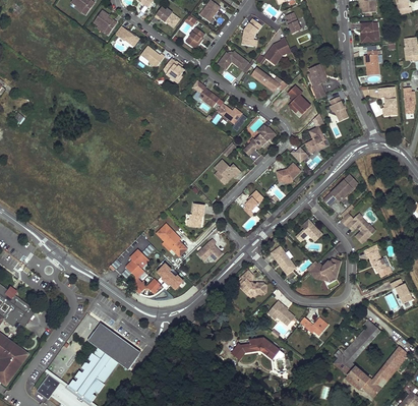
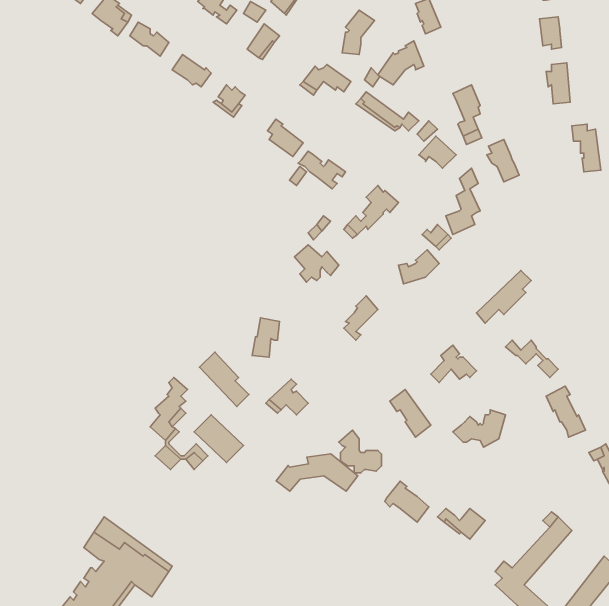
building: [231,337,280,359] -> [276,454,358,491]

